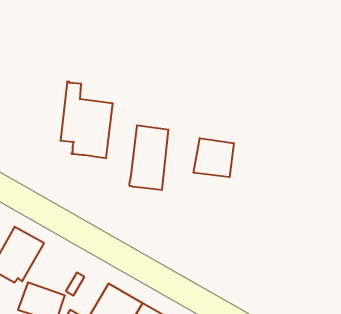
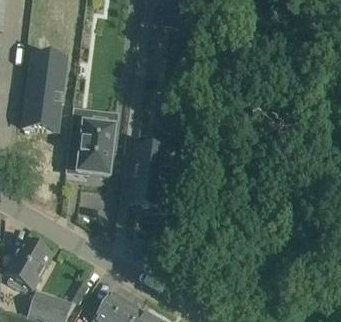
building: none -> [23,55,65,130]
building: [193,138,234,177] -> none

